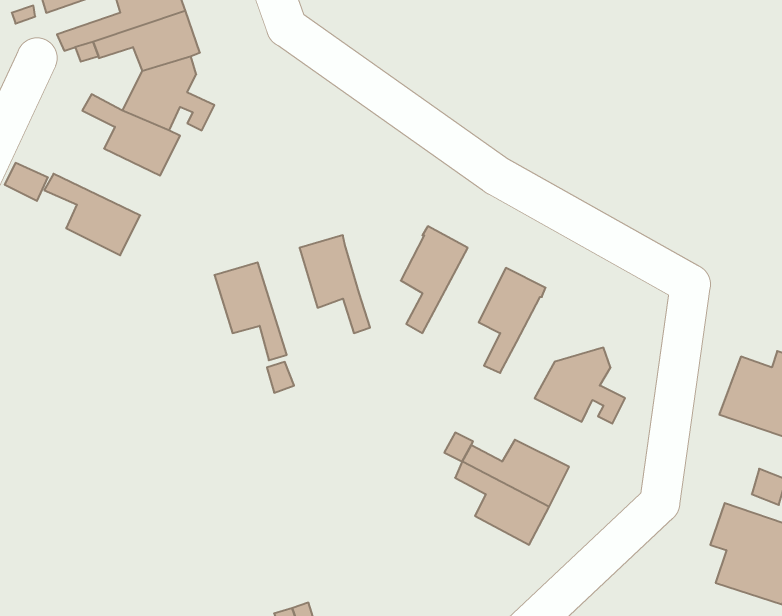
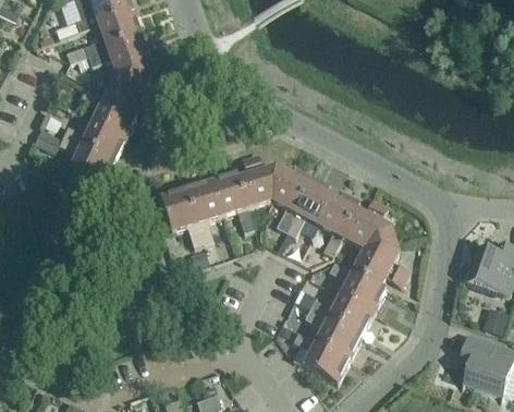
building: none -> [62,120,126,160]
building: none -> [237,154,285,207]
building: none -> [185,180,221,244]
building: none -> [284,180,334,235]
building: none -> [341,198,393,249]
building: none -> [328,260,384,312]
building: none -> [291,331,348,383]

